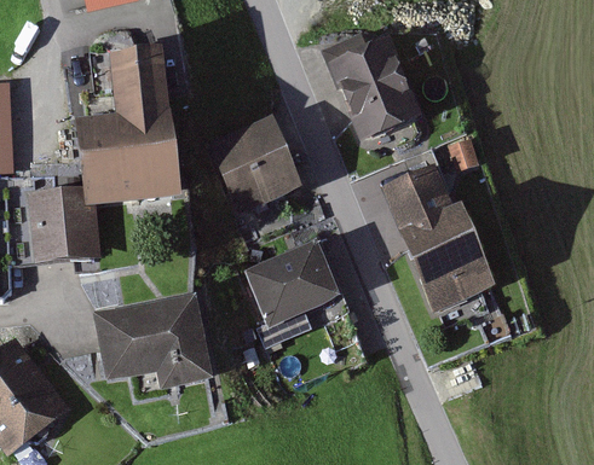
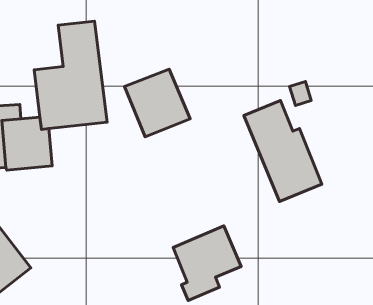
building: [327,35,421,140] -> none
building: [242,238,341,347] -> [173,226,241,300]
building: [92,291,213,388] -> none

